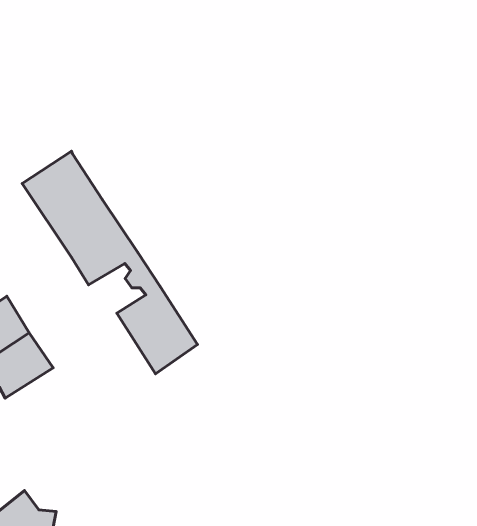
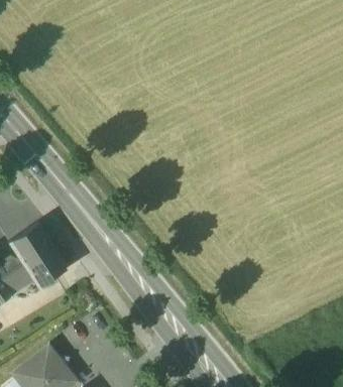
building: [22,151,198,374] -> none

